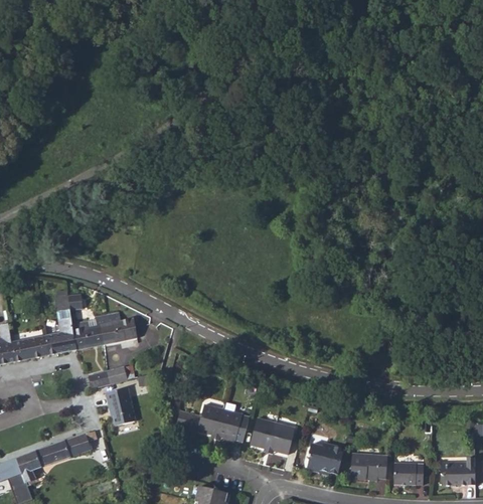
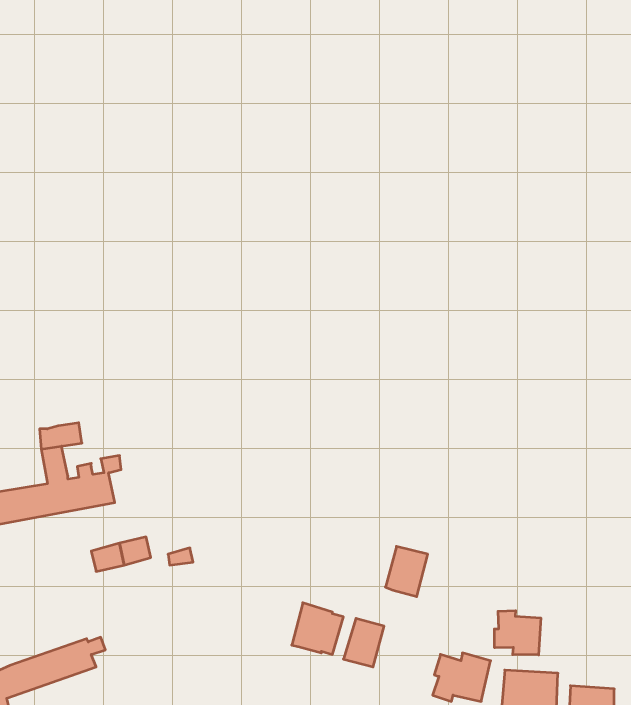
building: [99,311,136,344] -> none
building: [105,388,135,427] -> none
building: [176,404,223,436] -> none
building: none -> [494,611,541,655]
building: [269,424,296,456] -> [385,546,428,597]

